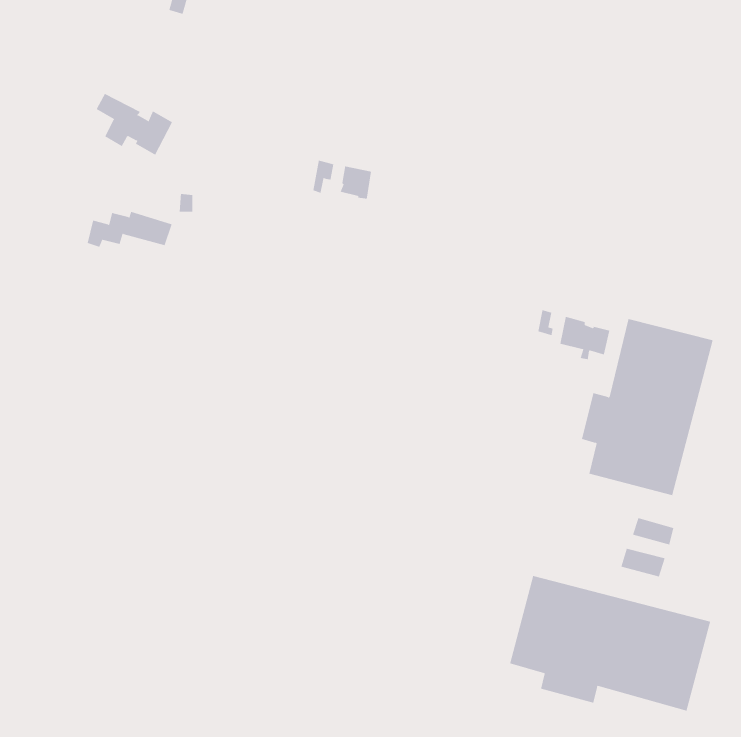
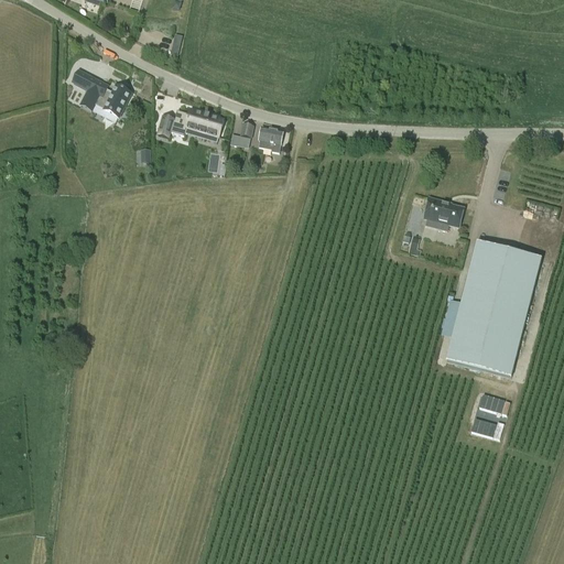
building: [87,211,172,247] -> [158,109,223,137]
building: [559,316,610,360] -> [424,196,463,229]
building: [509,575,711,711] -> none

